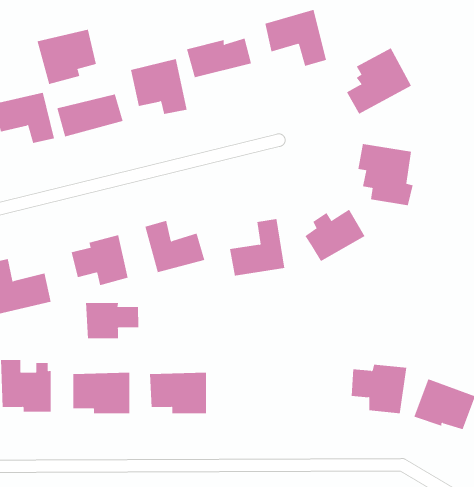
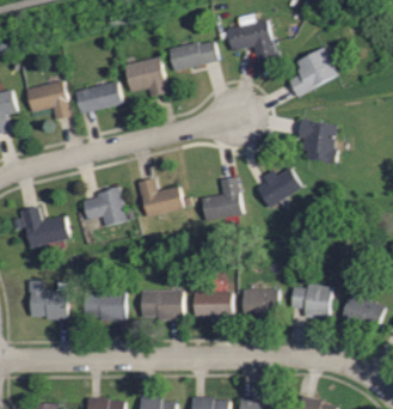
building: [37,29,96,85] -> none
building: [86,302,139,339] -> none
building: none -> [242,288,278,318]
building: none -> [196,289,235,321]

